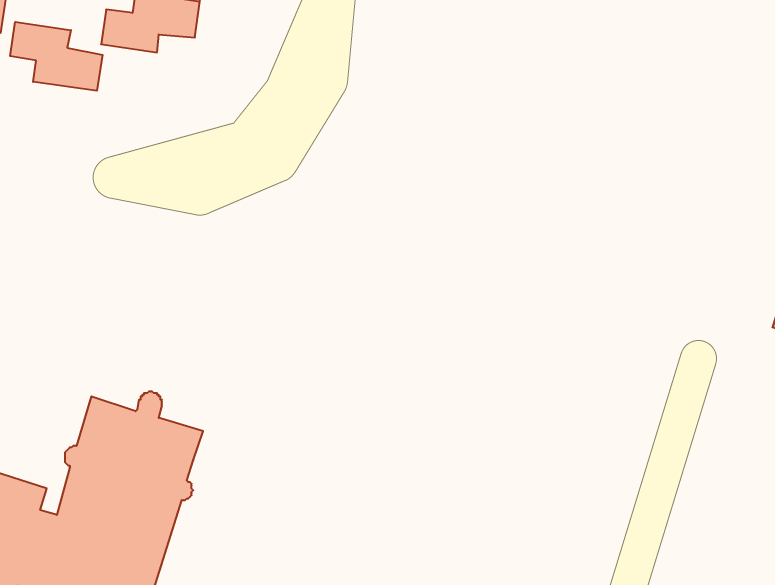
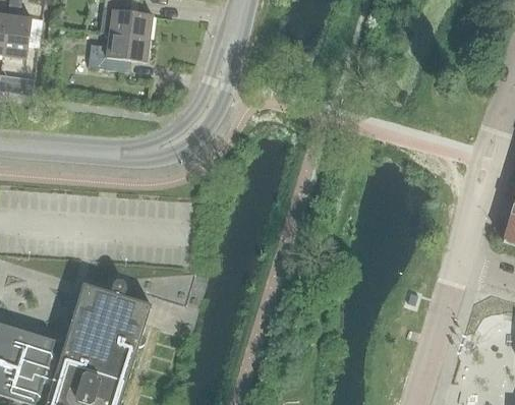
building: [10,22,103,91] -> none

